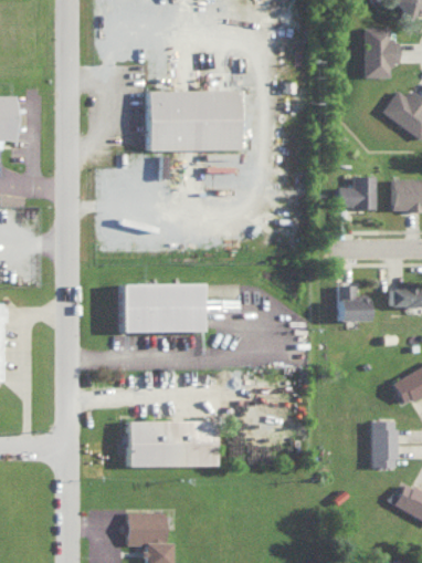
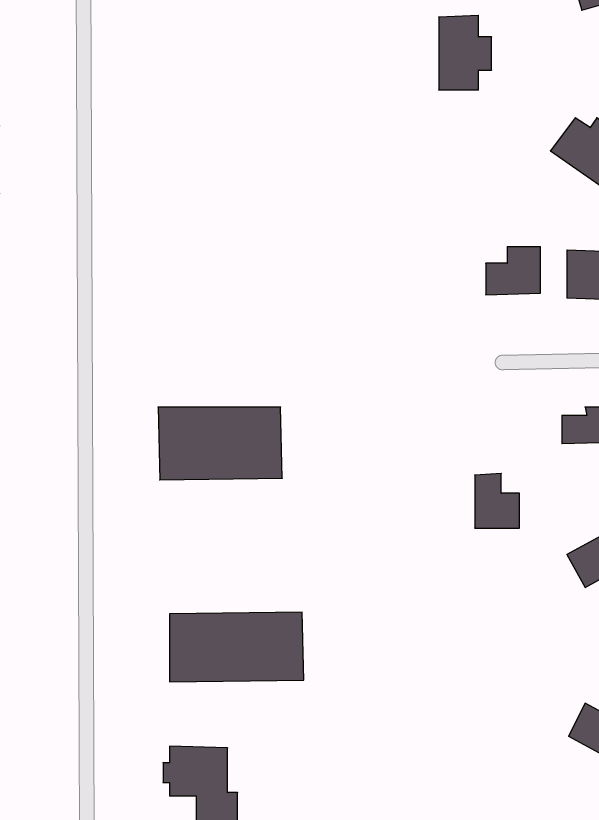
building: [363,28,399,77] -> [439,15,492,90]
building: [147,91,239,152] -> none
building: [338,285,368,322] -> [475,473,519,528]
building: [370,421,397,468] -> none

